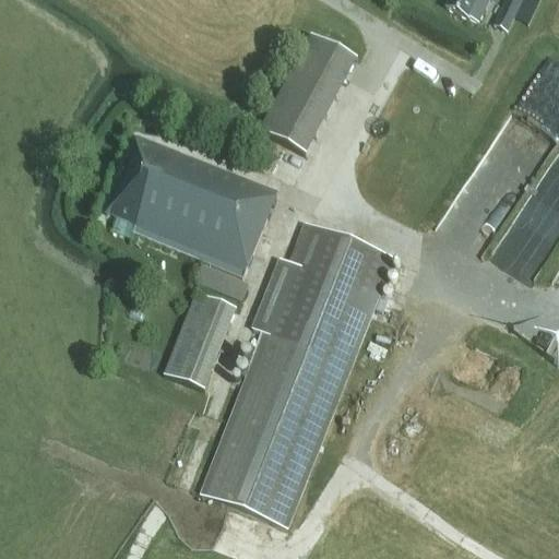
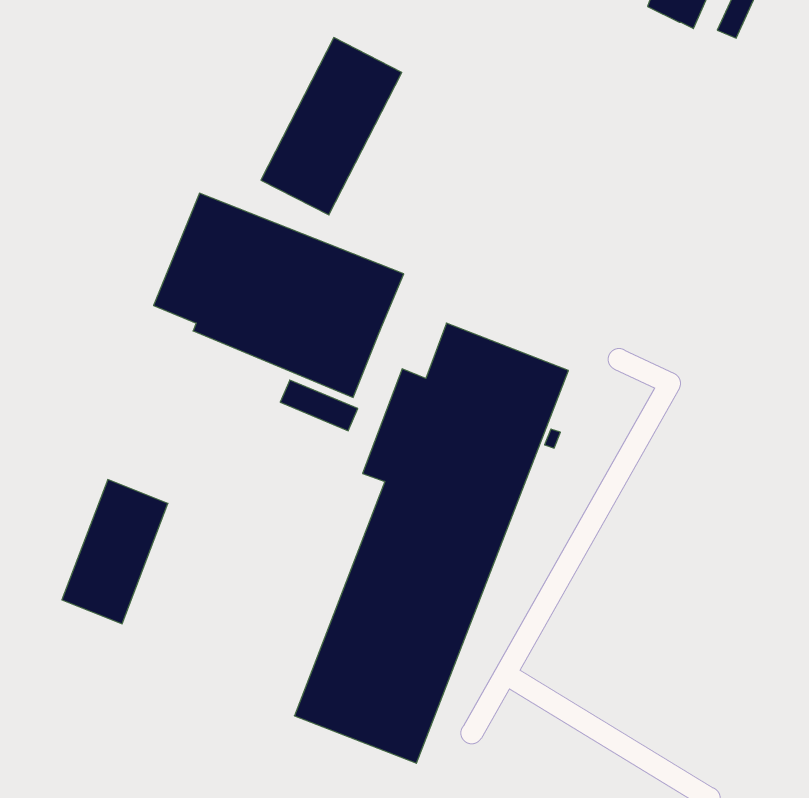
building: [259,31,356,153] -> [261,38,402,215]
building: [162,289,235,389] -> [62,480,168,624]

